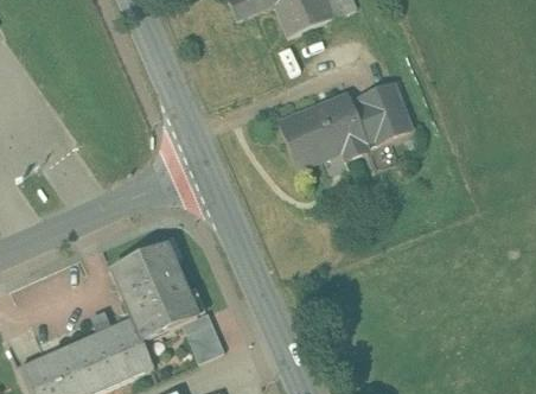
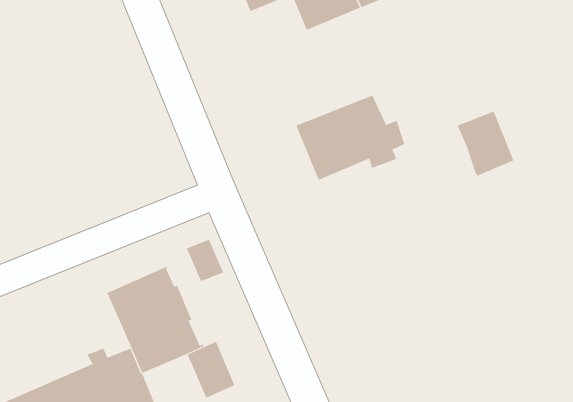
building: [360,83,411,141] -> [457,111,514,176]
building: none -> [186,239,224,282]

